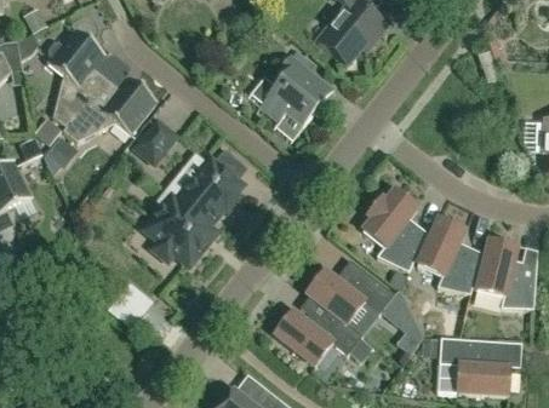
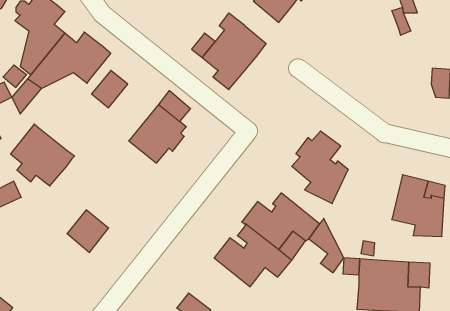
building: [92,46,136,88] -> none
building: [144,195,217,265] -> [11,124,74,186]
building: [417,217,480,294] -> none

